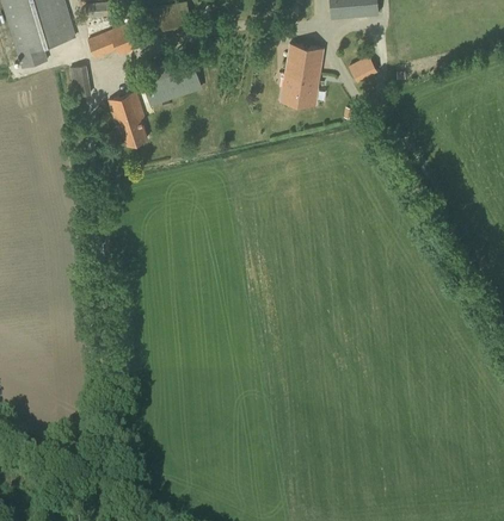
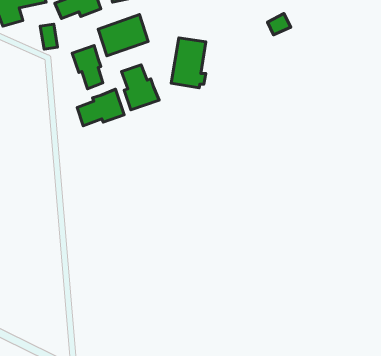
building: [281,45,324,107] -> [171,38,206,88]
building: none -> [121,65,159,110]
building: none -> [77,89,124,126]

